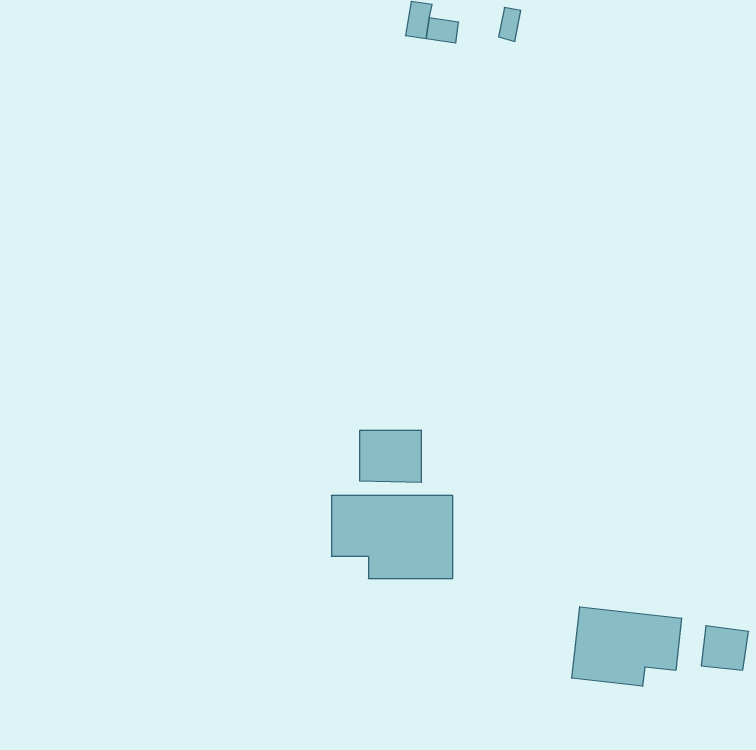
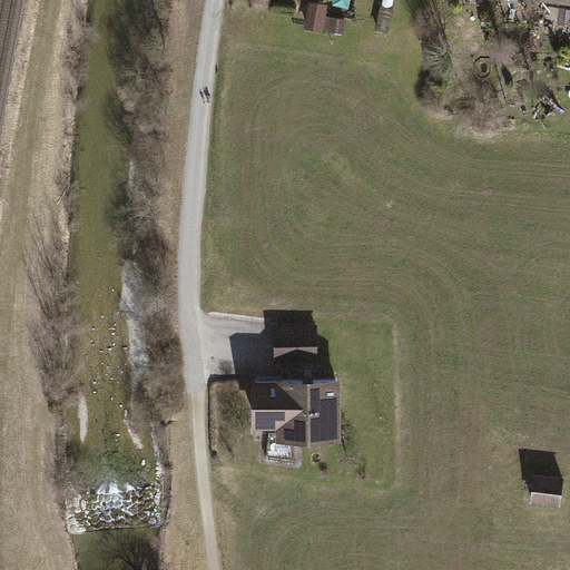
building: [572,607,682,686] -> none

